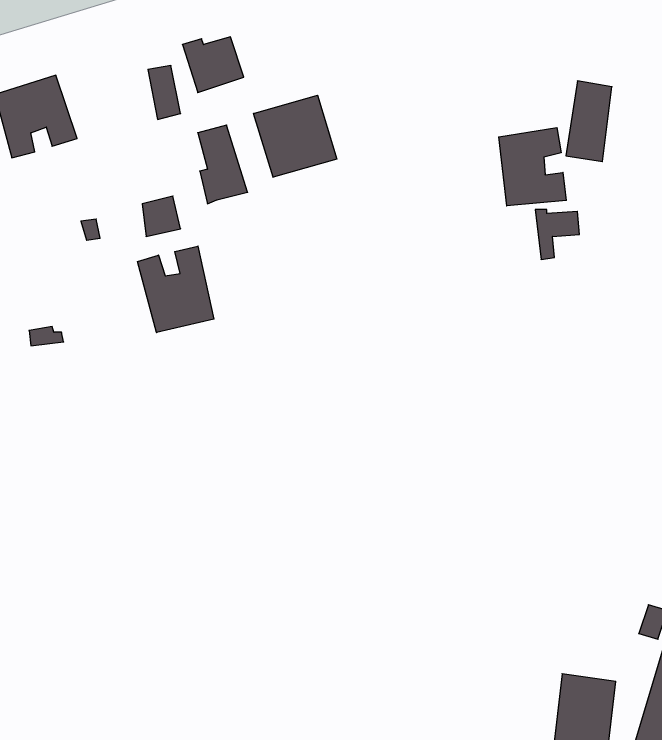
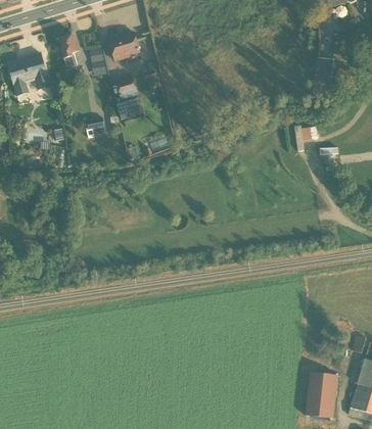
building: none -> [59,34,79,68]
building: [254,95,337,177] -> none
building: [499,128,566,206] -> none
building: [138,246,214,333] -> none

